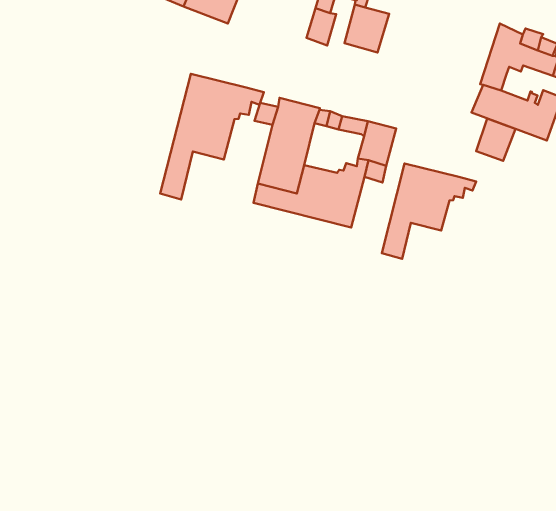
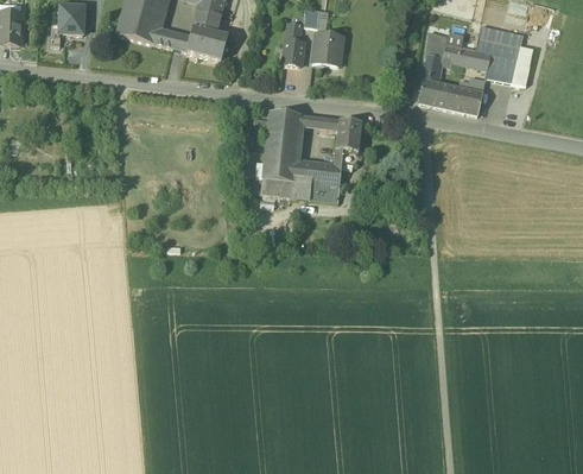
building: [160,74,264,199] -> none
building: [476,118,515,161] -> none
building: [382,163,476,259] -> none

